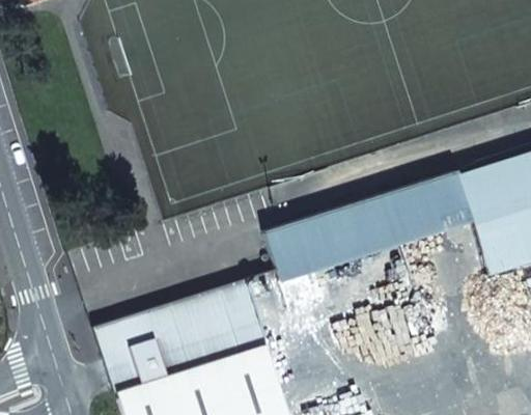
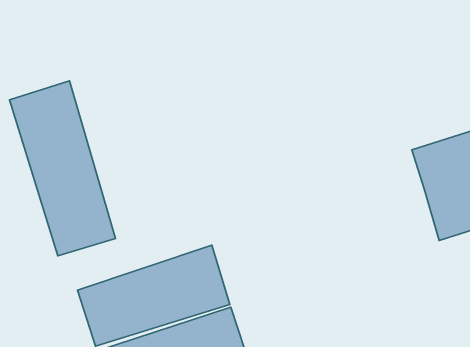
building: none -> [9,81,116,256]
building: [269,168,473,277] -> none

